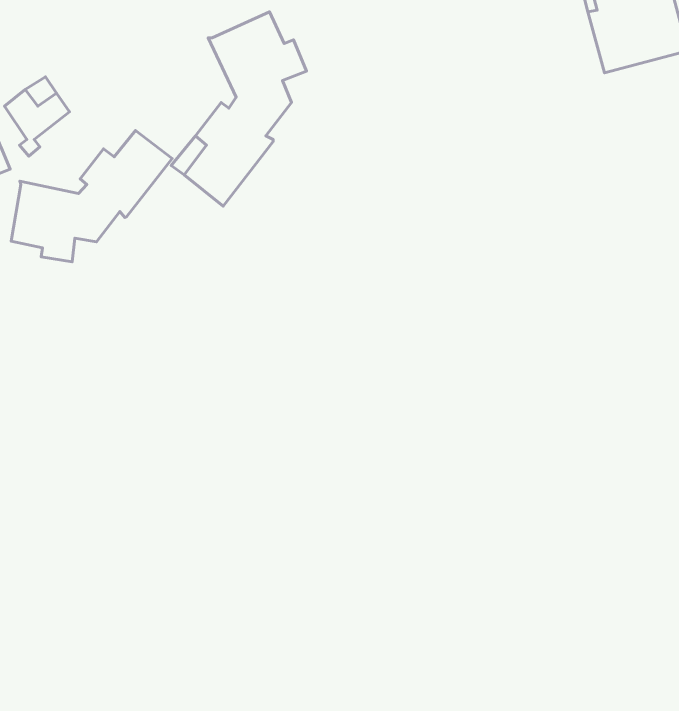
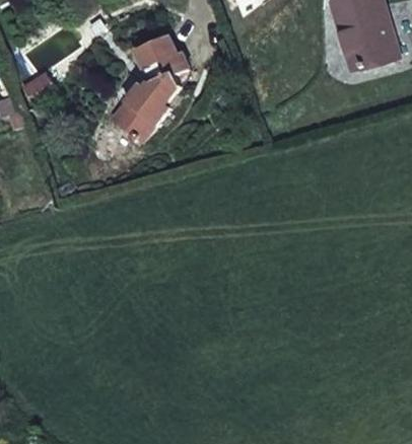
building: [11,131,172,262] -> none

